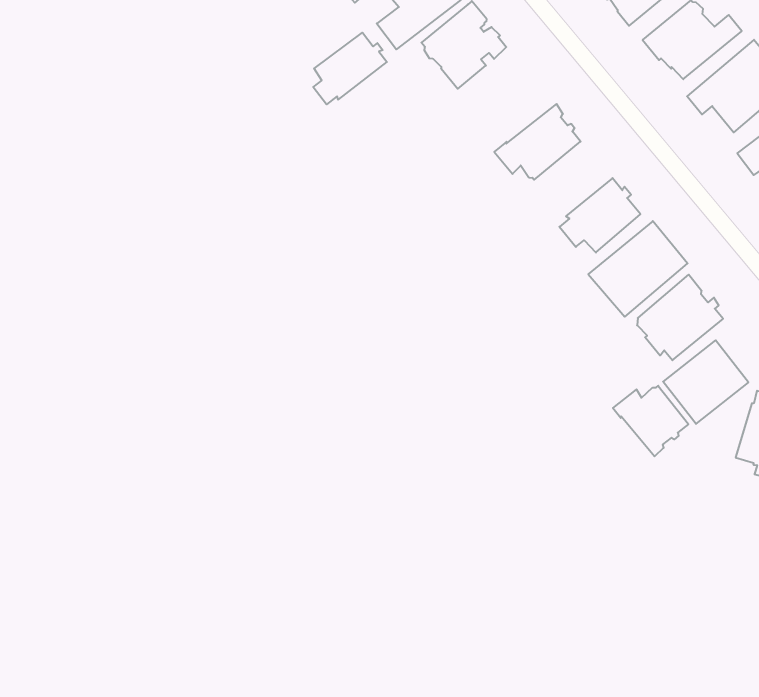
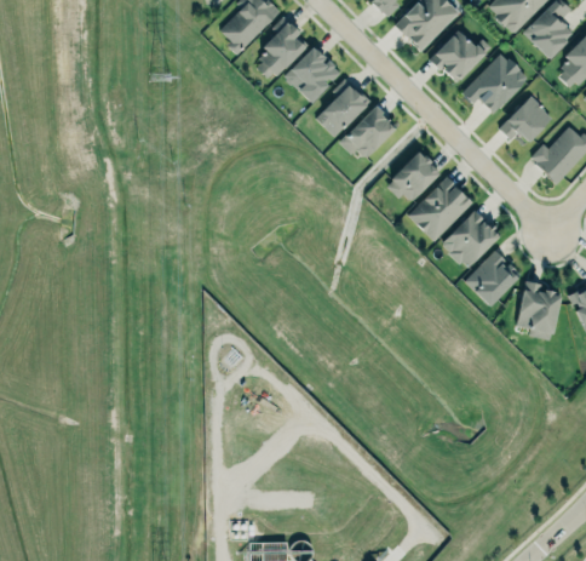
building: [313,33,387,104] -> none
building: none -> [317,86,368,137]
building: [613,386,688,456] -> none

